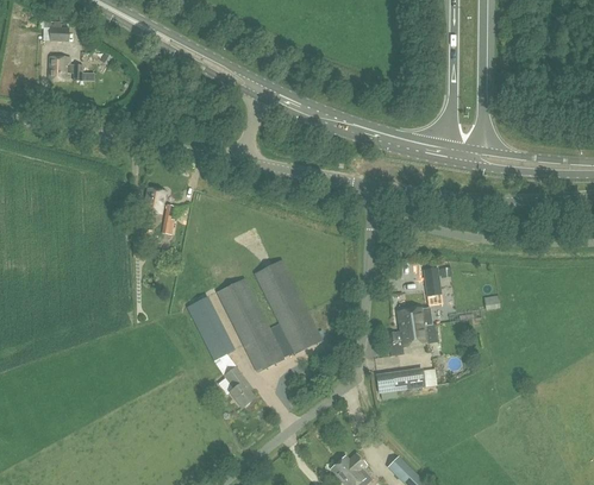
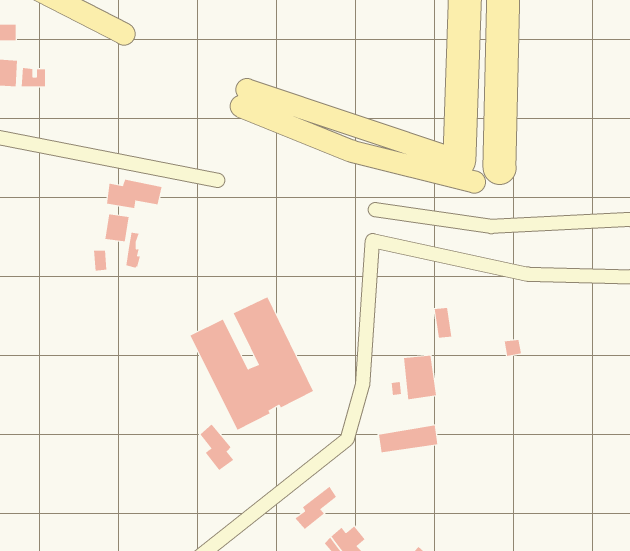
building: none -> [106,179,162,209]
building: [187,295,235,360] -> none
building: none -> [295,486,337,530]

